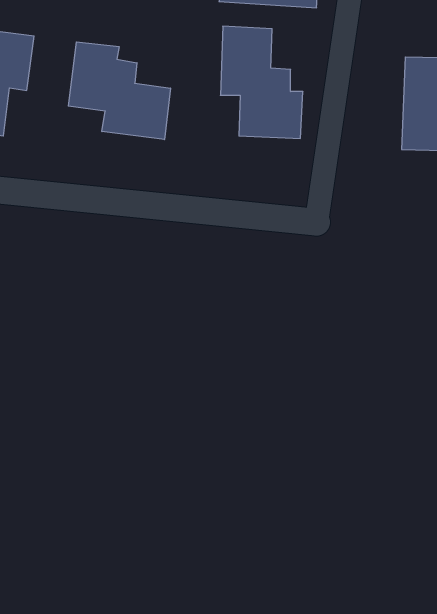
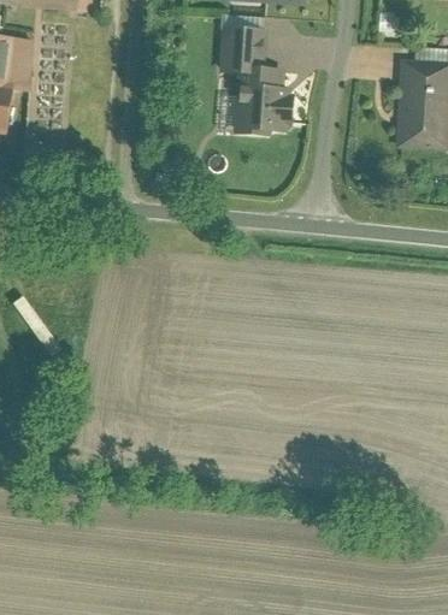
building: [68,42,170,140] -> none

